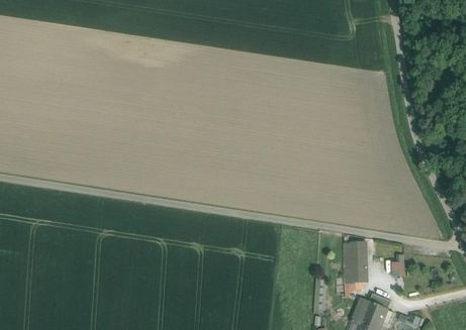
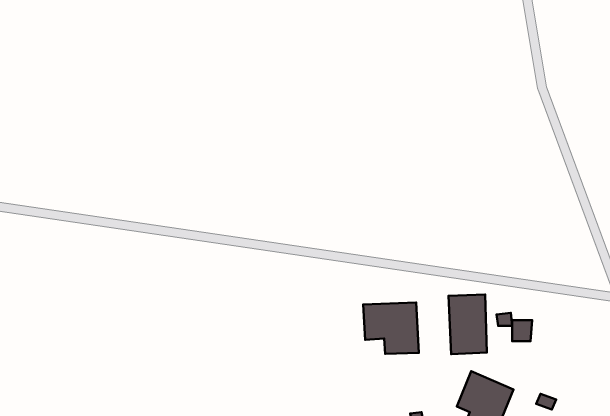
building: none -> [363,302,419,354]

